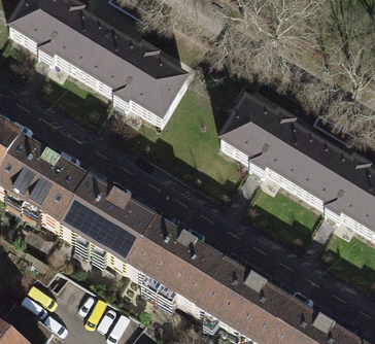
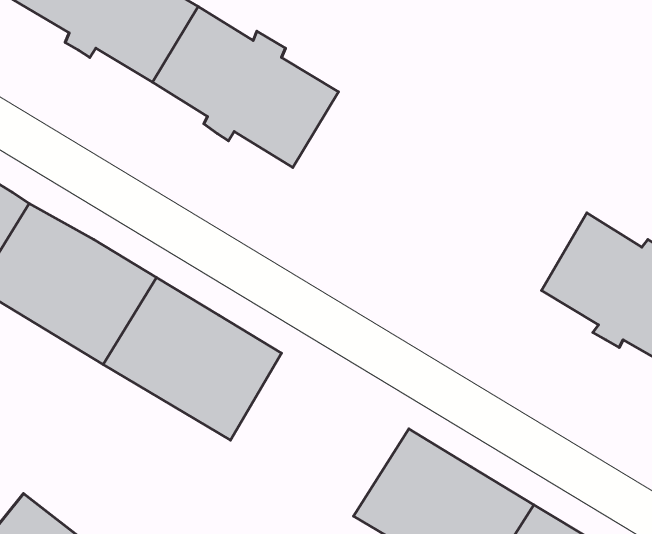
building: [224,97,325,184] -> none
building: [130,218,228,307] -> none

